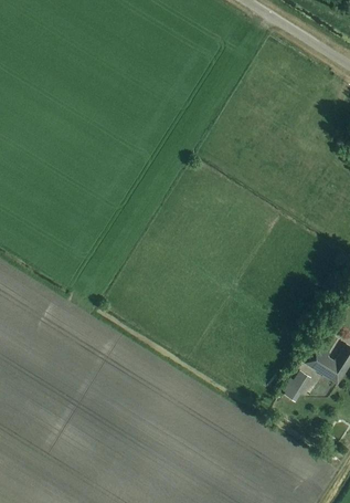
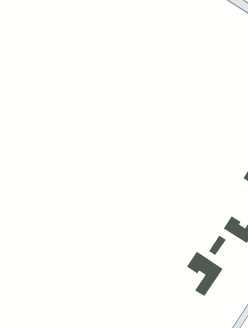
building: none -> [186,251,223,297]

